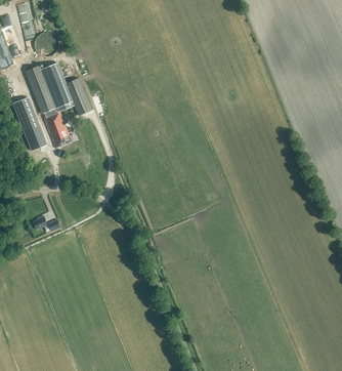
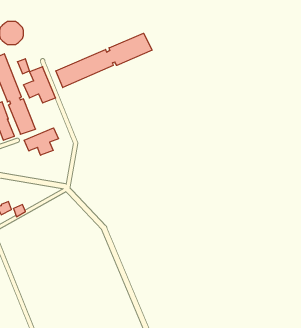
building: none -> [56,33,152,88]
building: none -> [24,128,58,155]

